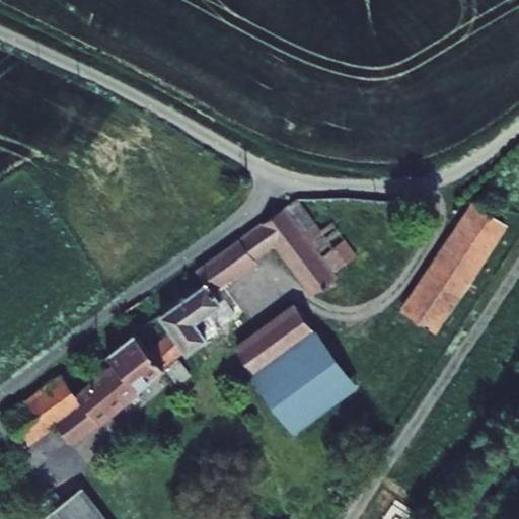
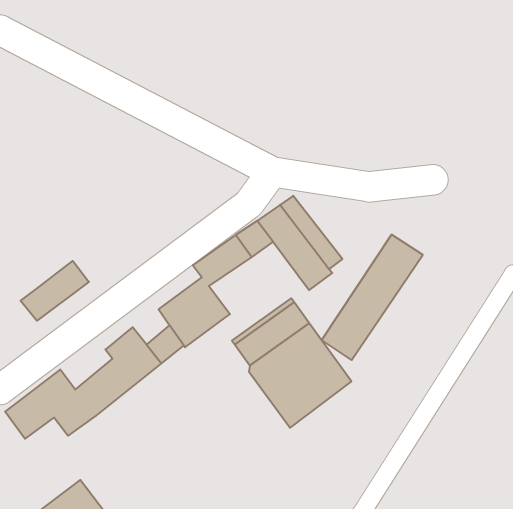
building: [402,206,505,332] -> [321,235,423,360]
building: none -> [21,261,89,321]

